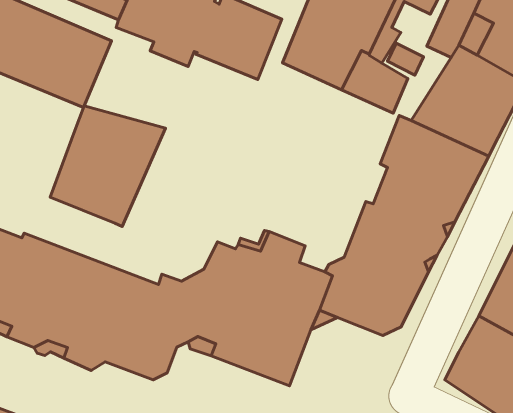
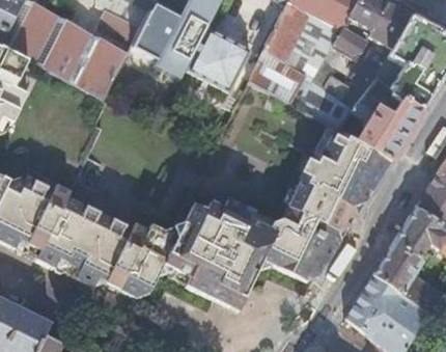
building: [50,106,166,226] -> none

